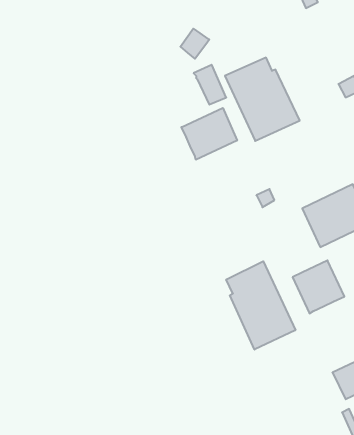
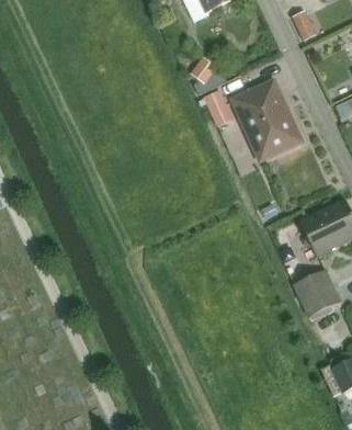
building: [181,108,237,160] -> none
building: [226,261,295,350] -> none

